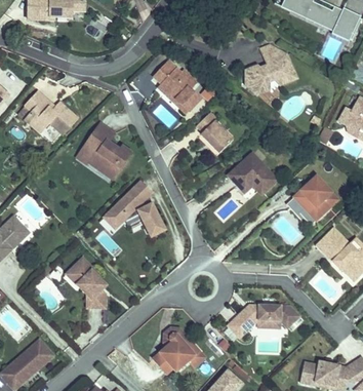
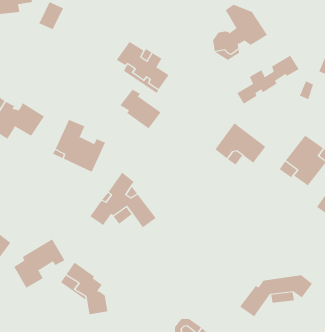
building: none -> [236,55,299,105]
building: [196,110,234,150] -> [119,89,162,129]
building: none -> [13,238,65,288]

